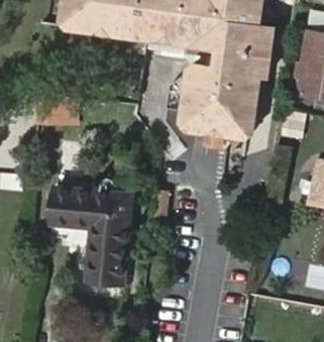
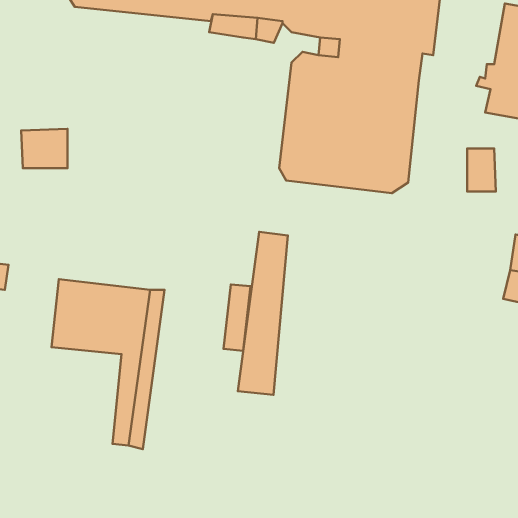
building: [104,193,132,284] -> [238,232,288,395]

